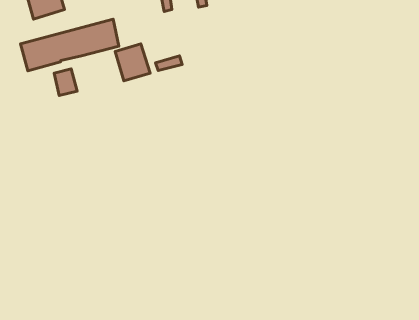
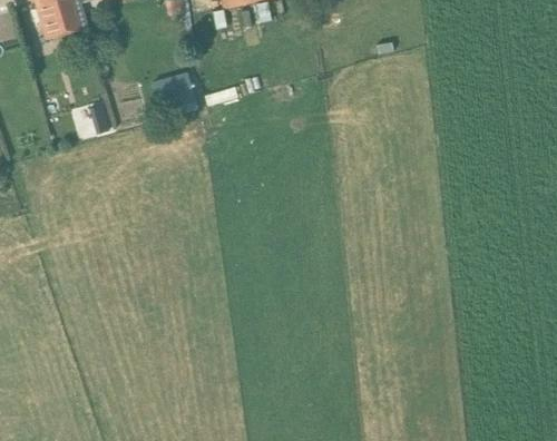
building: [20,19,119,71] -> none

